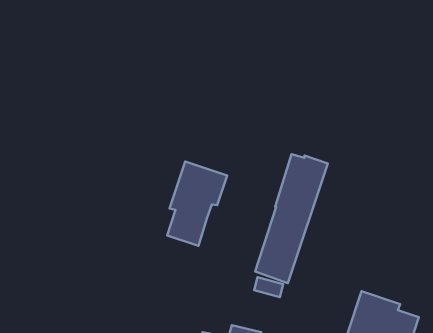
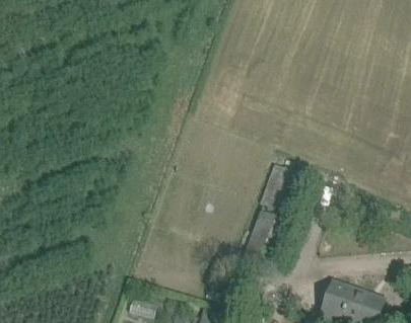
building: [167,162,227,246] -> none

